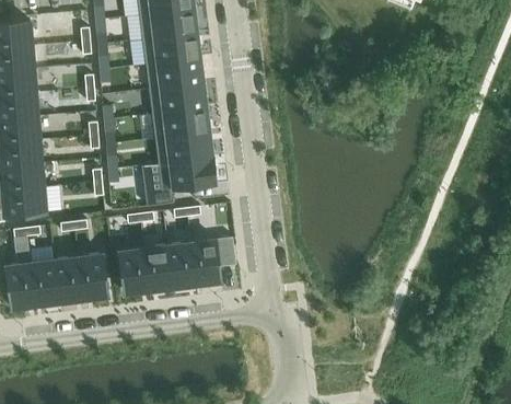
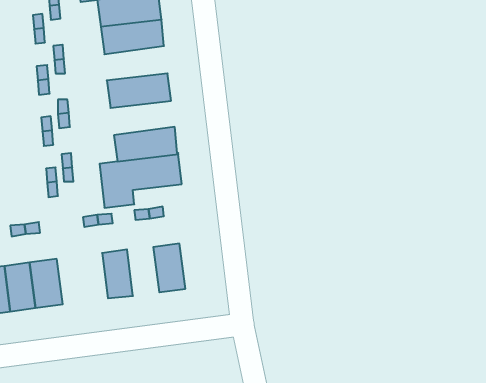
building: [147,58,205,90] -> none
building: [152,108,211,140] -> none
building: [167,243,197,288] -> none
building: [120,249,150,293] -> none

